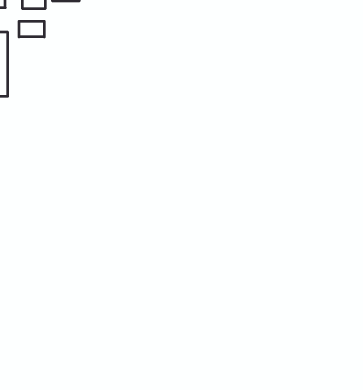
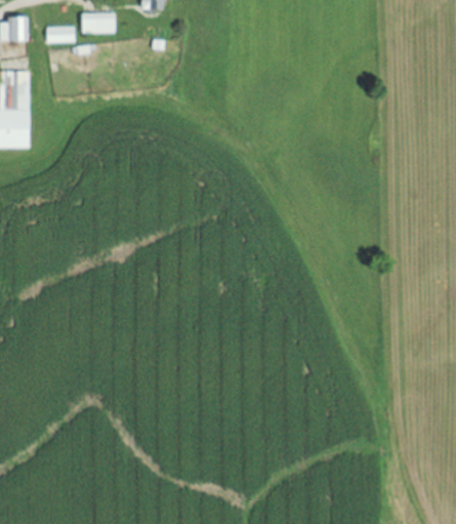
building: [19,21,44,37] -> none

